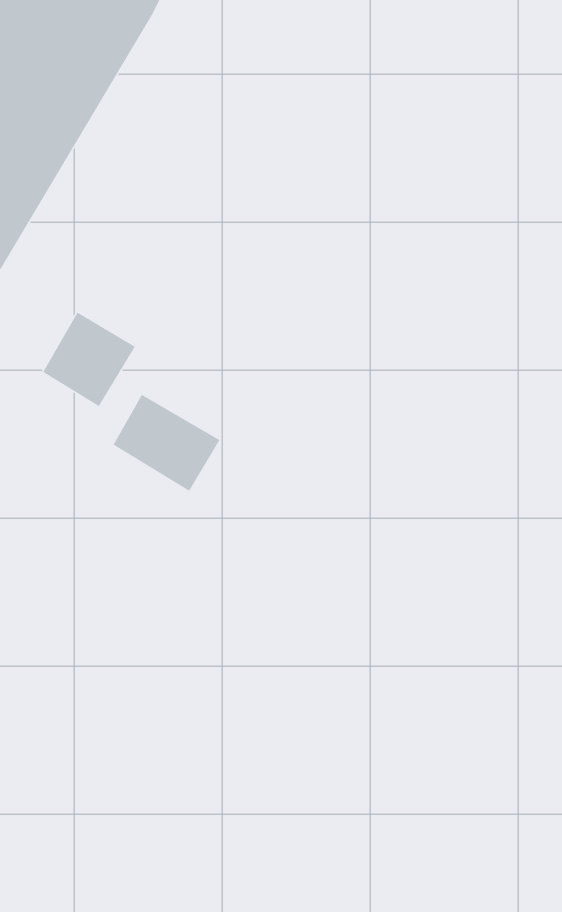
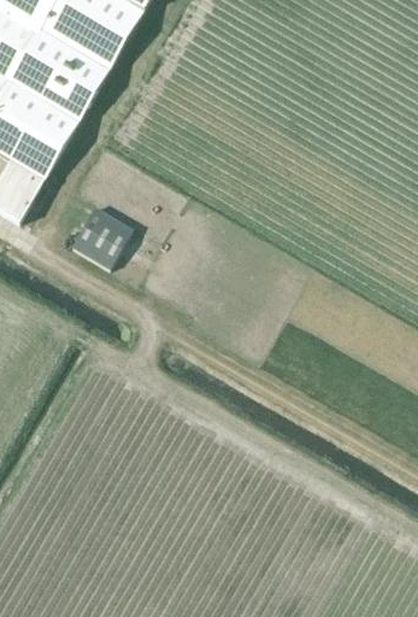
building: [113,394,220,492] -> none

